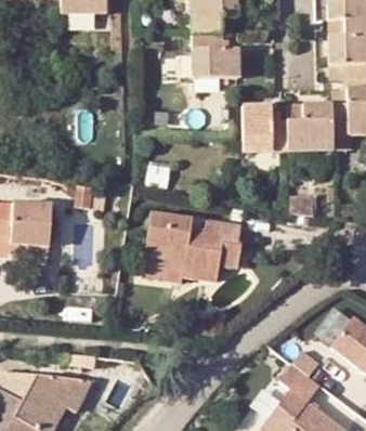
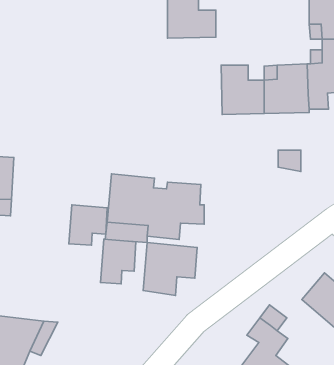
building: none -> [69,205,107,245]
building: none -> [101,239,136,284]
building: none -> [143,243,197,295]

